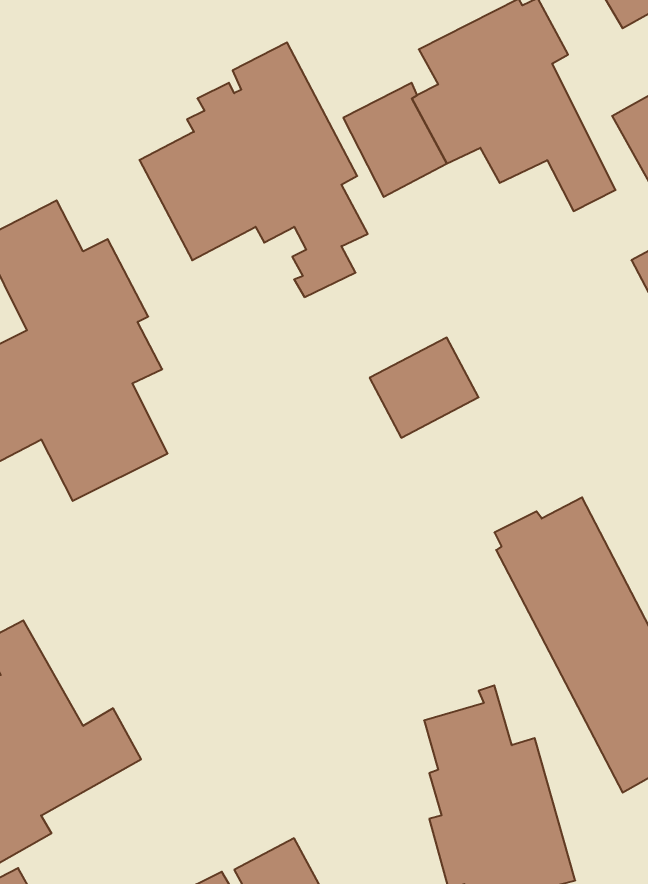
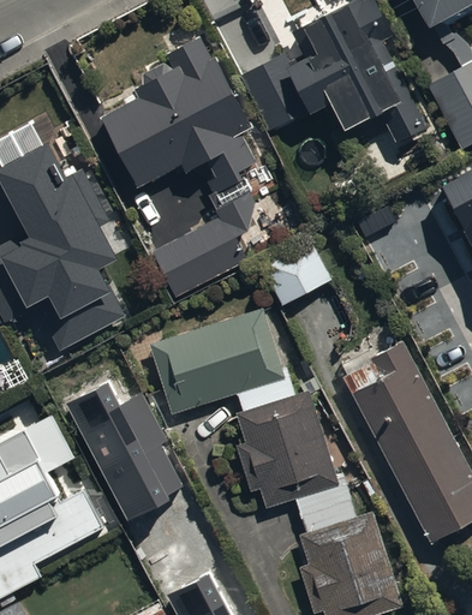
building: none -> [153,191,256,297]
building: none -> [150,308,337,506]
building: none -> [65,386,181,526]

